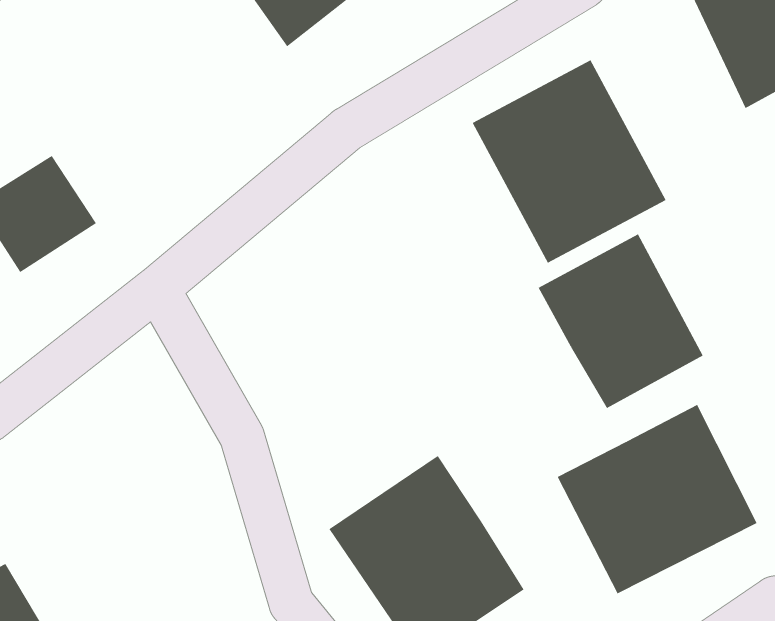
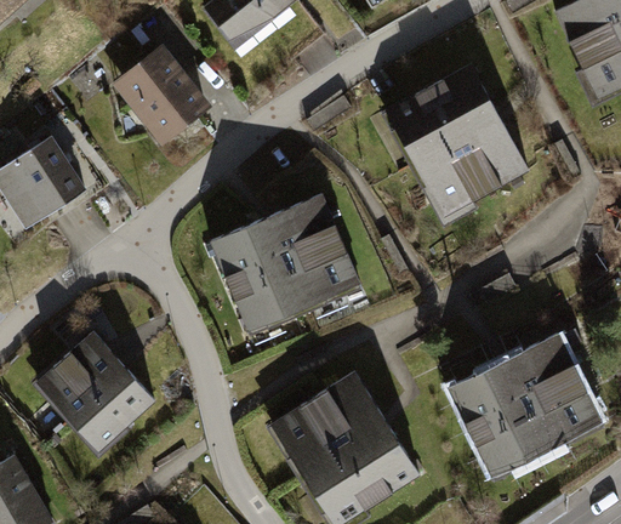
building: none -> [112,44,210,144]
building: none -> [210,194,361,336]
building: [538,233,703,409] -> none
building: none -> [35,331,154,450]

